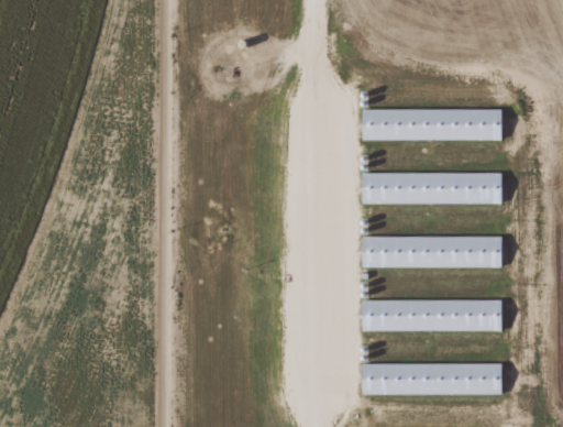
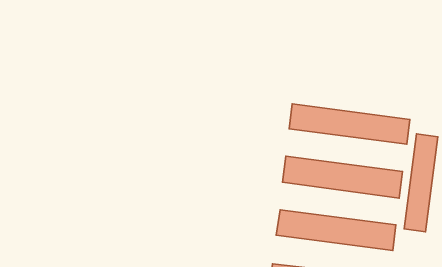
building: [362,109,503,140] -> none
building: none -> [404,134,438,232]

